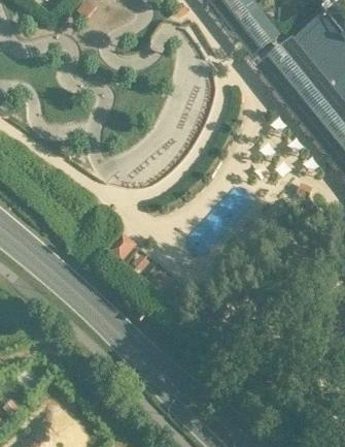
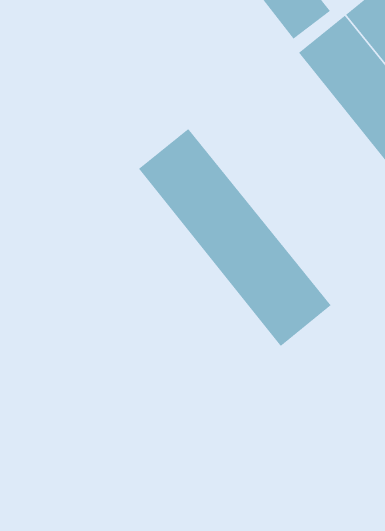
building: none -> [138,128,331,347]

